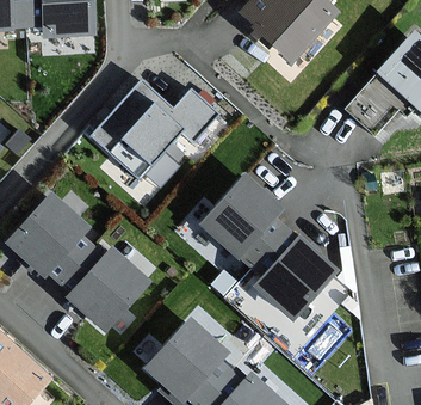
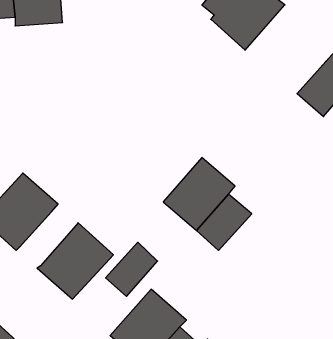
building: [92,84,215,185] -> none
building: [48,235,104,294] -> [106,242,158,296]
building: [256,238,334,317] -> none

